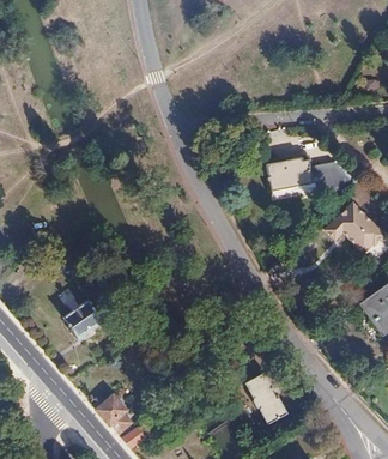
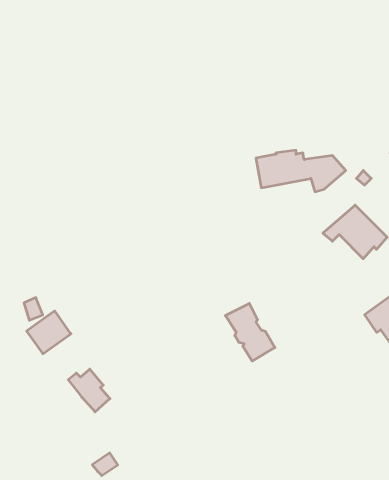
building: [244,372,289,423] -> [225,303,275,361]
building: [93,395,131,434] -> [68,369,110,412]

